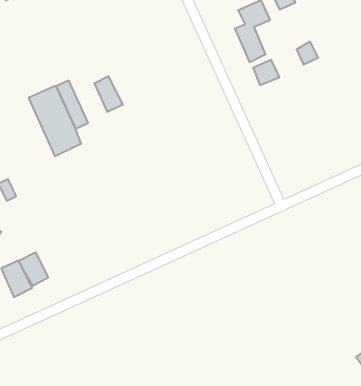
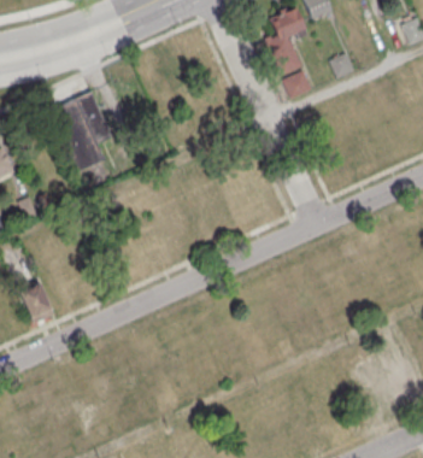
building: [94,76,123,112] -> none
building: [18,252,48,286] -> none

